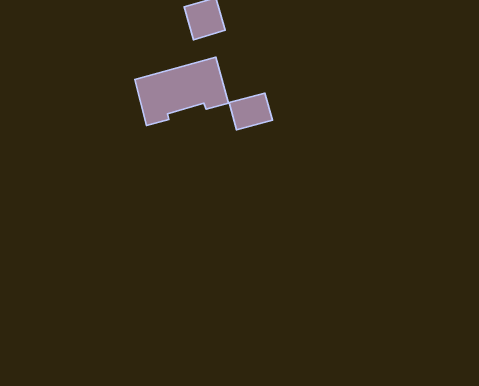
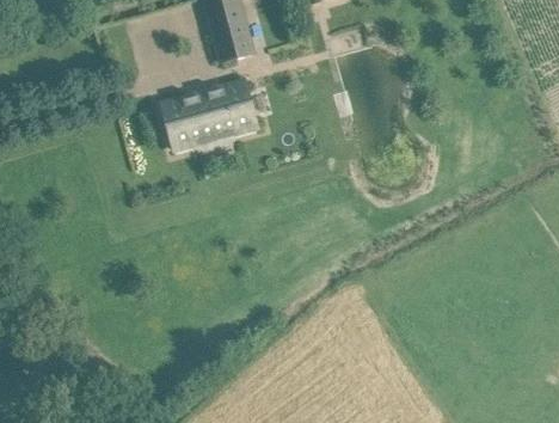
building: [229,93,272,130] -> none

